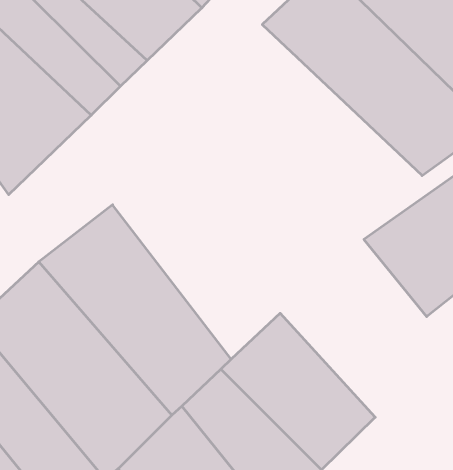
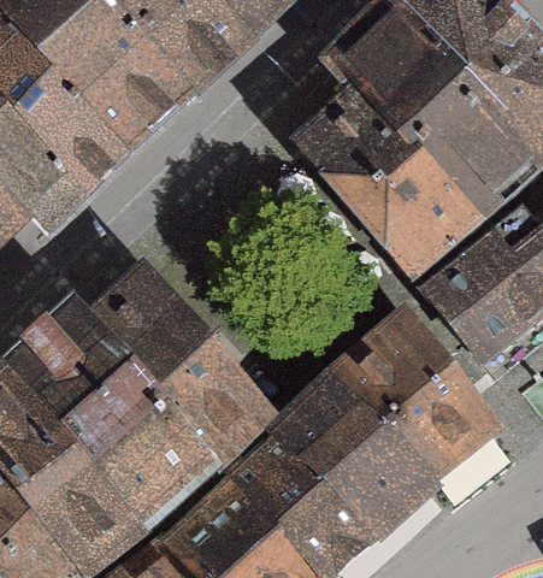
building: none -> [294,94,488,281]
building: none -> [335,313,506,482]

